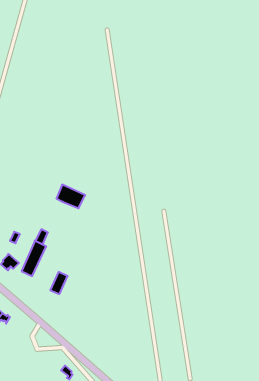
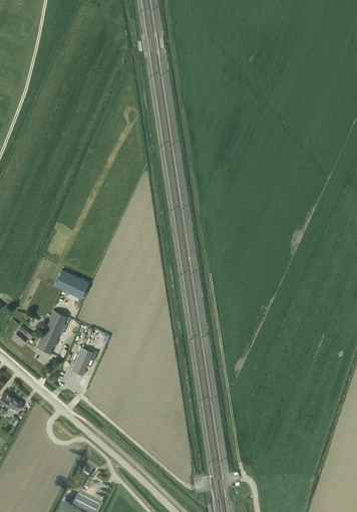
building: [56,185,85,208] -> [54,270,89,299]

